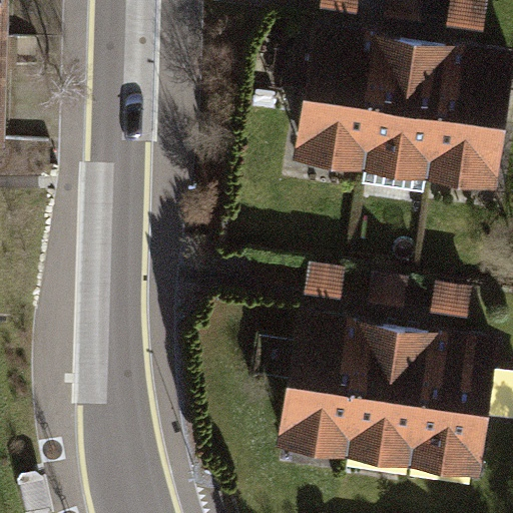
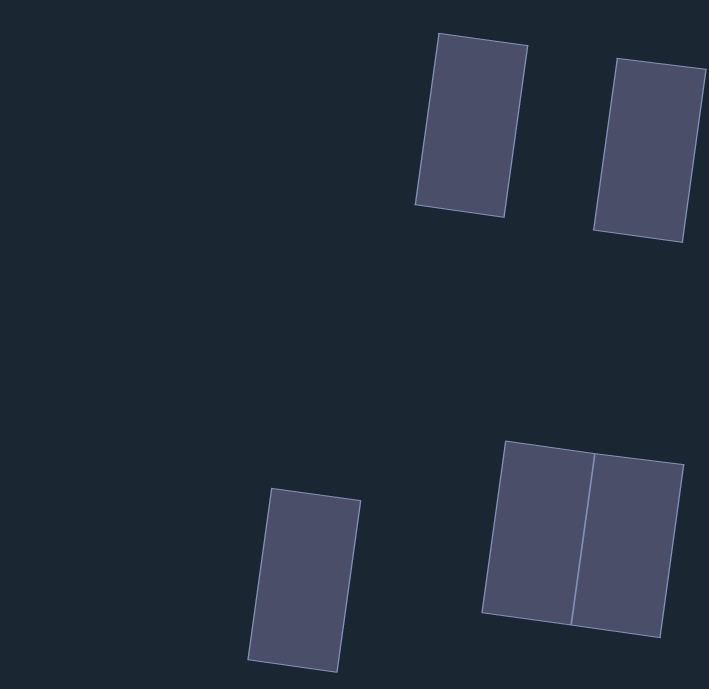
building: [363,49,444,181] -> none
building: [283,325,364,457] -> [248,488,361,672]

